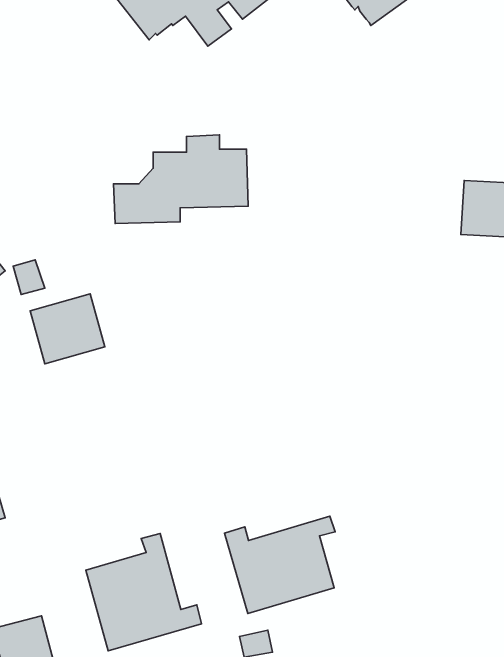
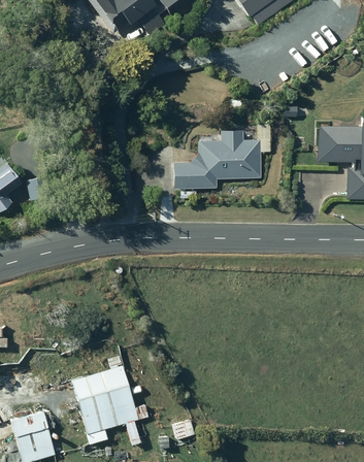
building: [114,135,248,224] -> [173,131,261,189]
building: [30,294,105,364] -> none
building: [225,516,335,614] -> none

